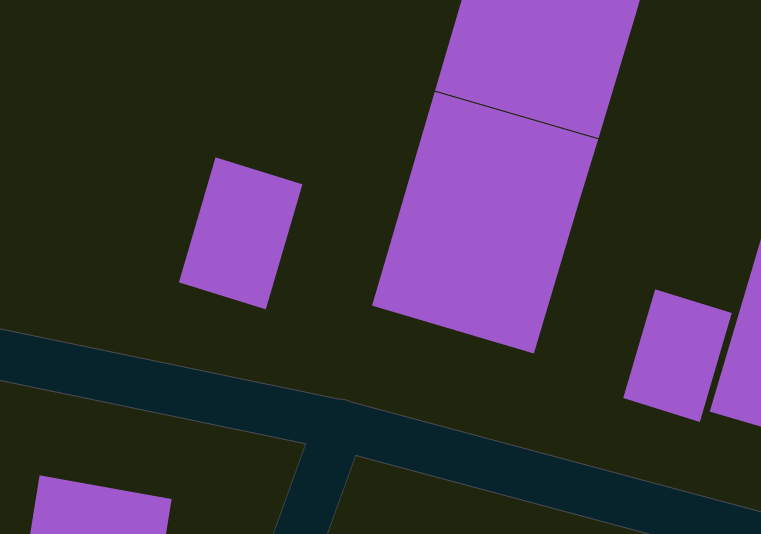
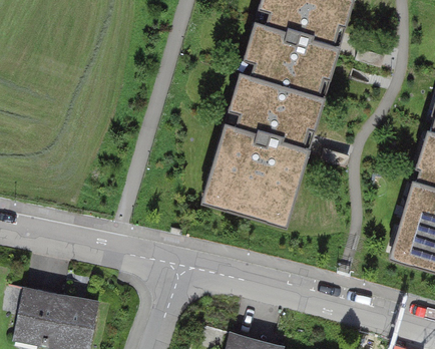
building: [178,157,303,310] -> none
building: [622,288,733,423] -> none

